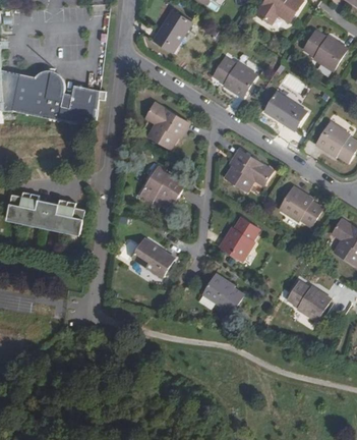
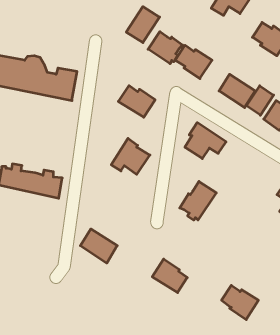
building: none -> [148,32,183,64]
building: none -> [247,86,274,115]
building: [271,185,311,230] -> none
building: [131,239,174,279] -> [80,229,117,263]
building: [201,272,242,311] -> [152,259,187,293]
building: [287,280,330,320] -> [222,285,258,320]

